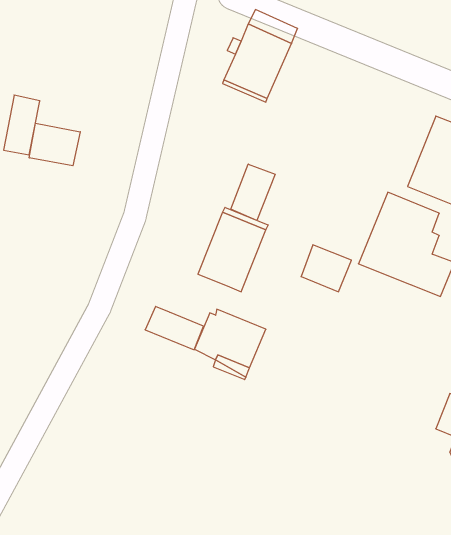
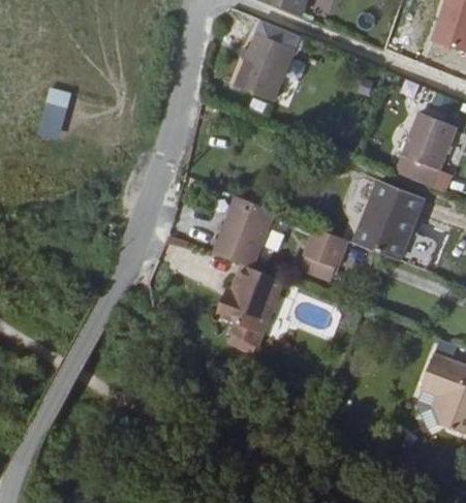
building: [29,123,80,166] -> none
building: [231,164,275,220] -> none
building: [145,306,204,350] -> [227,262,279,301]

